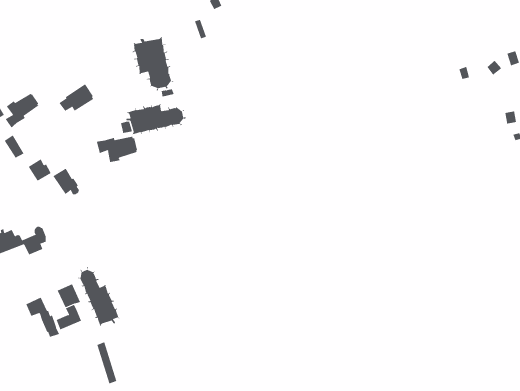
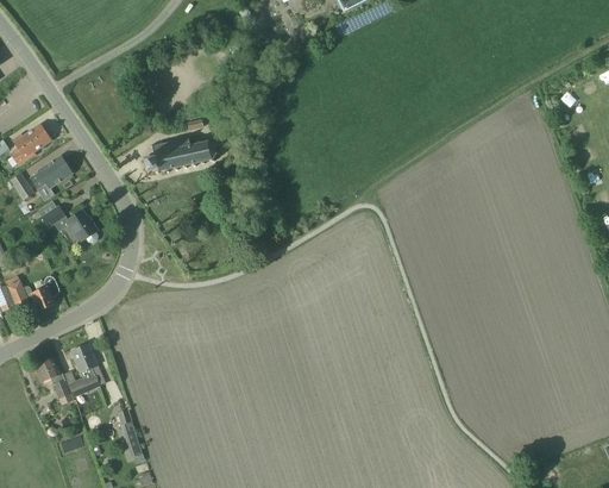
building: [132,36,174,91] -> none
building: [58,84,94,112] -> [32,155,73,187]
building: [96,136,138,163] -> none
building: [78,267,120,327] -> none

